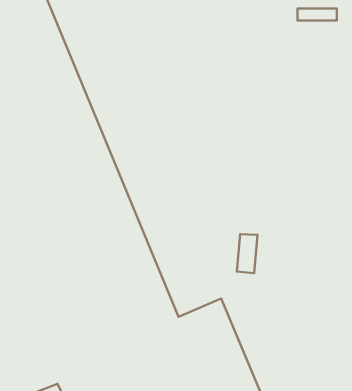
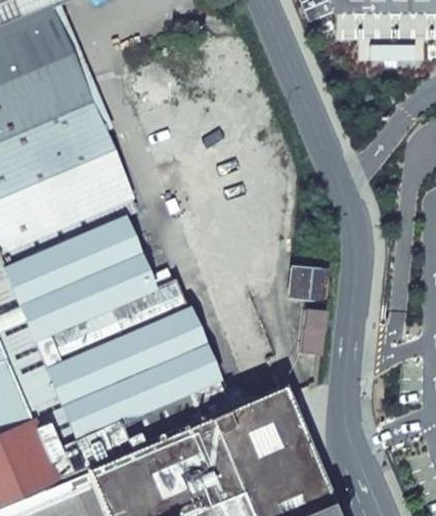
building: none -> [287,271,325,305]

